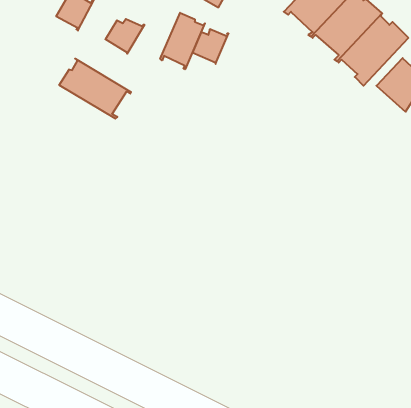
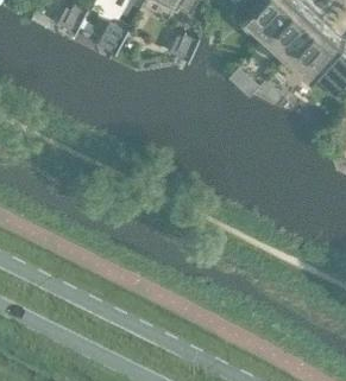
building: [160,13,205,69] -> none
building: [59,59,131,119] -> none

